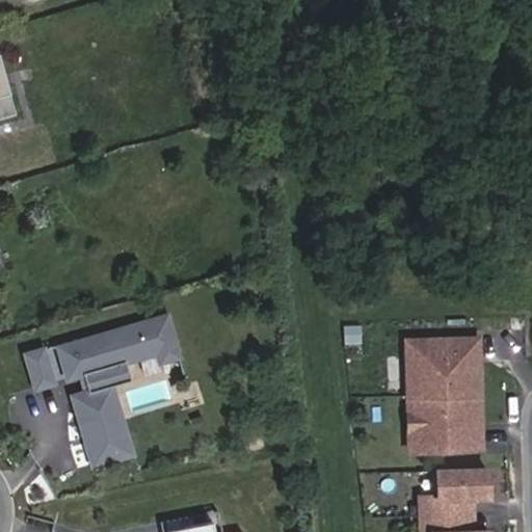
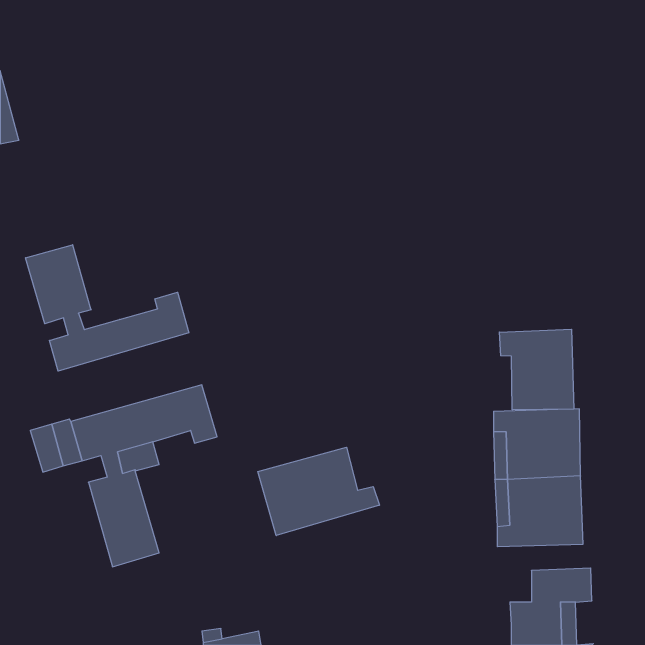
building: none -> [26,245,189,371]
building: none -> [499,329,574,410]
building: none -> [258,447,379,536]

